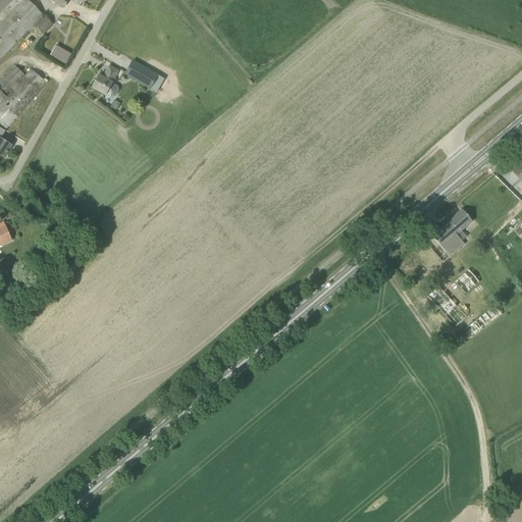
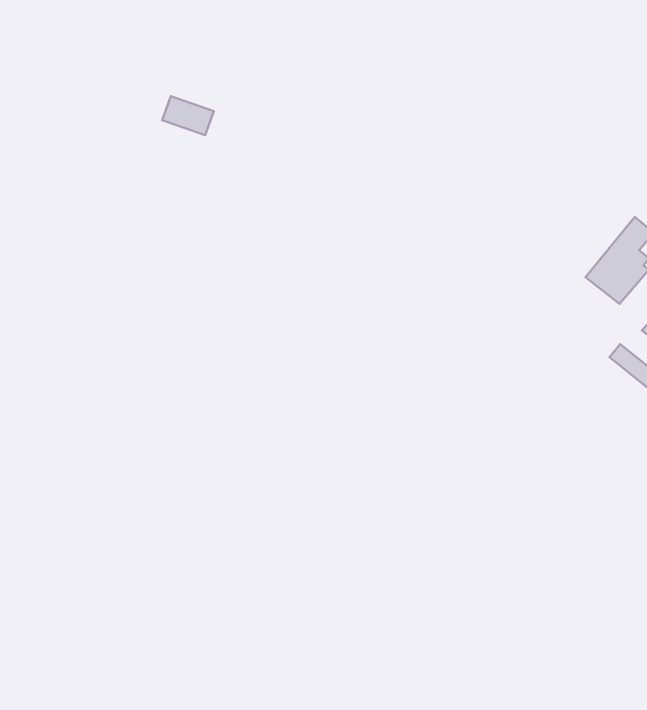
building: [123,59,157,88] -> [162,96,214,135]
building: [91,64,117,96] -> none

